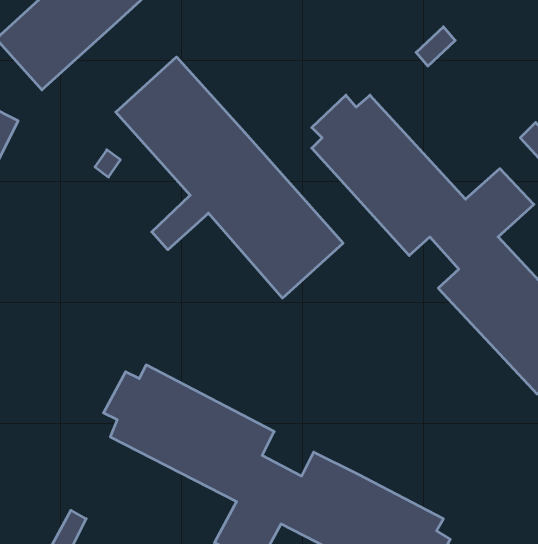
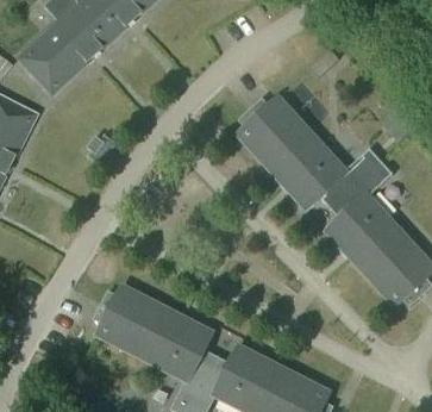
building: [116,57,343,298] -> none

